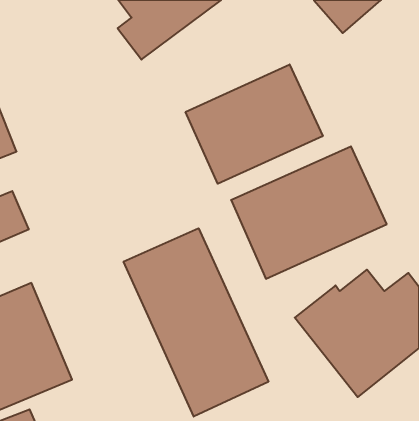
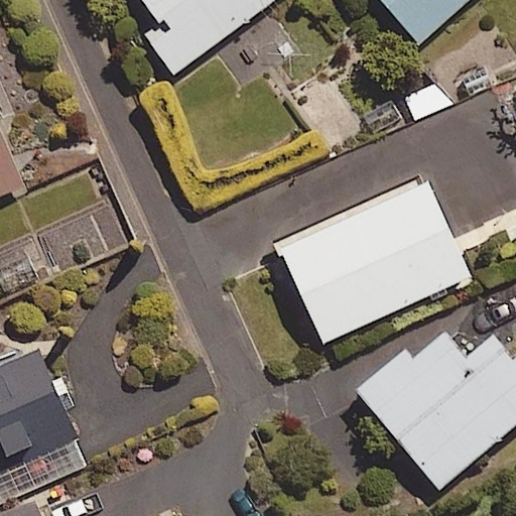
building: [186,64,323,184] -> none
building: [124,228,268,417] -> none

